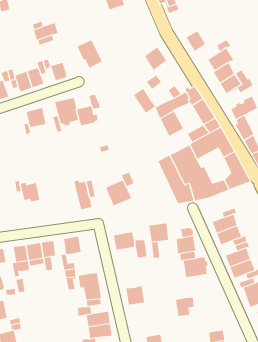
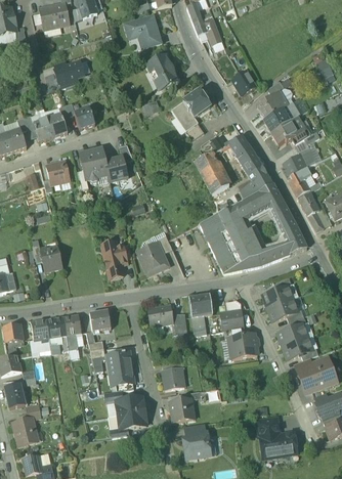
building: [77,39,103,69] -> [147,54,177,88]
building: [133,88,156,114] -> [171,100,198,130]
building: [175,297,195,317] -> [170,398,193,421]

